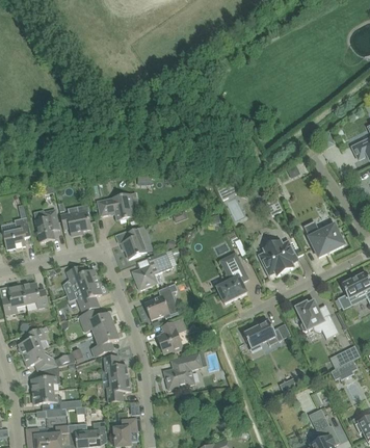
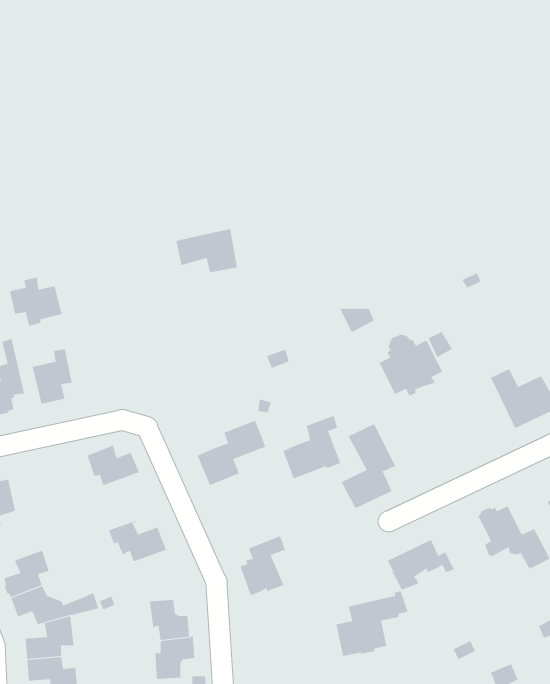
building: [97,193,133,219] -> [176,228,238,273]
building: [59,206,90,235] -> [9,277,62,327]
building: [120,226,151,258] -> none
building: [259,238,296,274] -> [379,334,443,397]
building: [21,282,48,308] -> none
building: [76,282,101,312] -> none
building: [143,282,178,319] -> [283,415,341,479]
building: [91,326,117,355] -> none
building: [163,350,206,389] -> [336,591,408,656]

